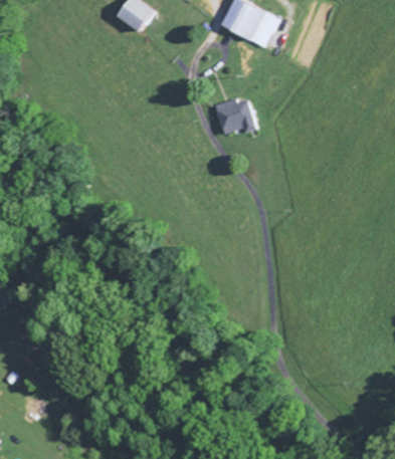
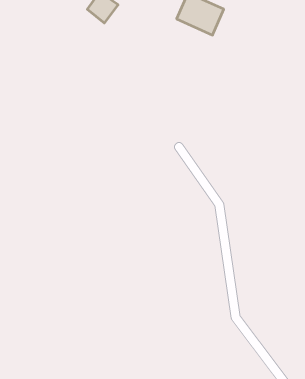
building: [212,98,256,135] -> none

